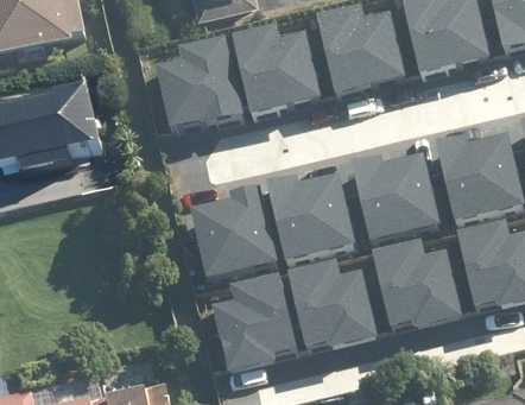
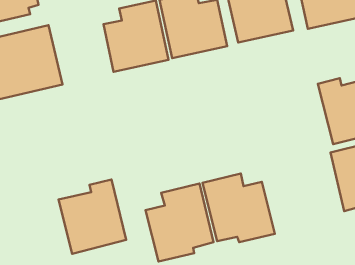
building: [352,151,442,238] -> none
building: [268,172,358,259] -> none
building: [191,182,279,278] -> [58,179,126,254]
building: [371,236,464,325] -> none

